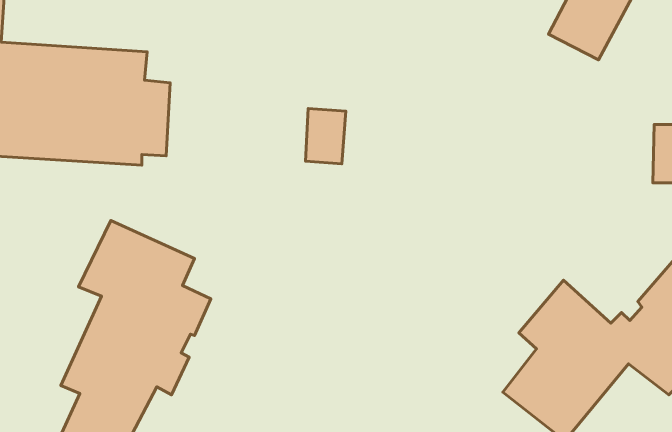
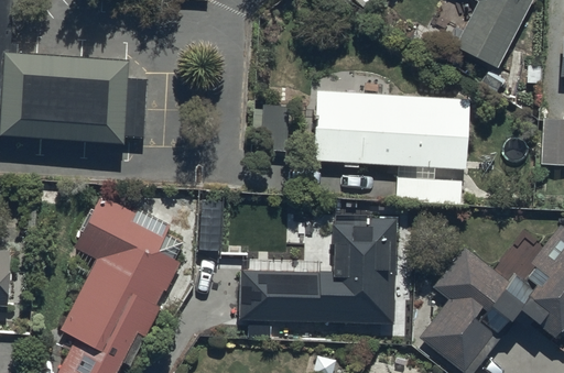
building: none -> [312,88,469,201]
building: none -> [238,215,398,320]

